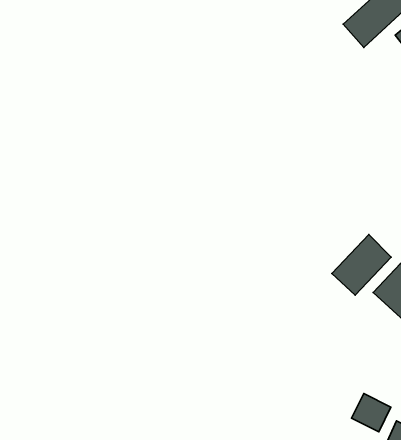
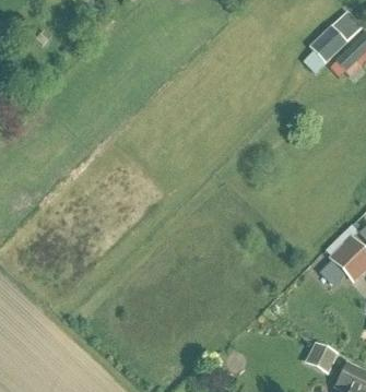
building: [332,235,391,295] -> none

